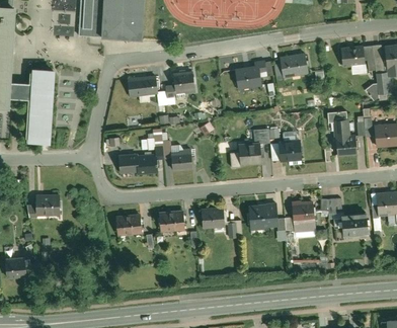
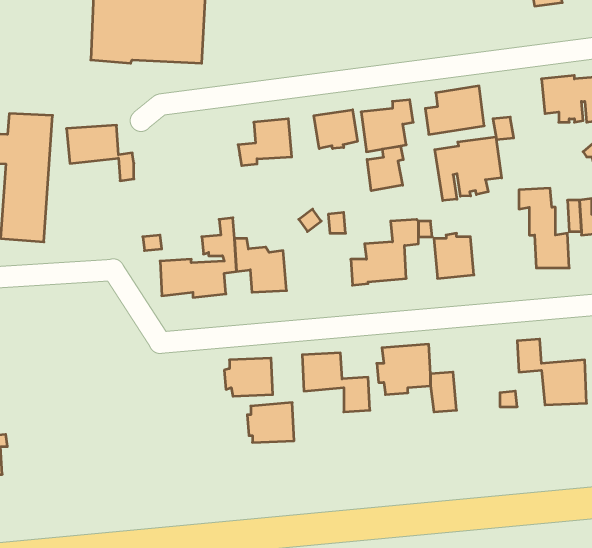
building: none -> [314,110,357,149]
building: [127,76,166,108] -> [66,125,134,181]
building: none -> [435,137,502,201]
building: none -> [367,146,403,191]
building: [29,193,59,219] -> none
building: [291,201,314,233] -> none
building: [113,214,141,237] -> [247,403,294,442]

